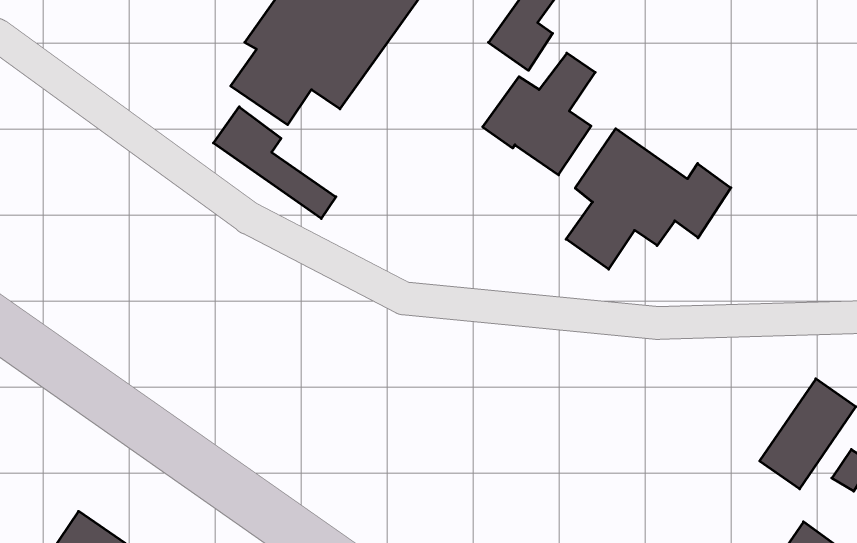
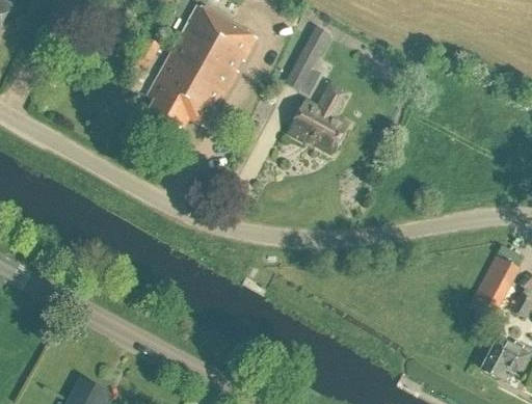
building: [213,107,336,219] -> none
building: [566,129,731,269] -> none

